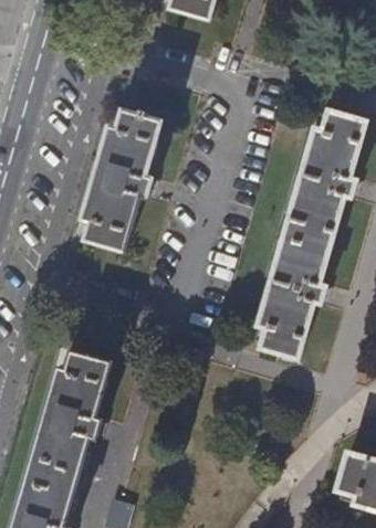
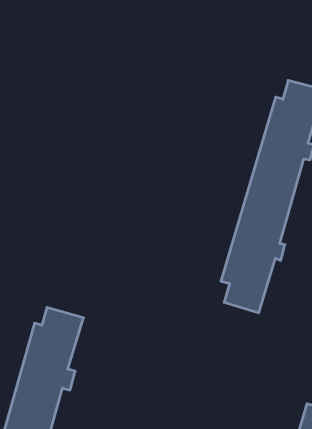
building: [84,109,163,249] -> none

